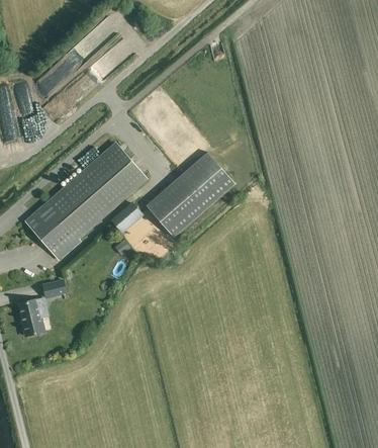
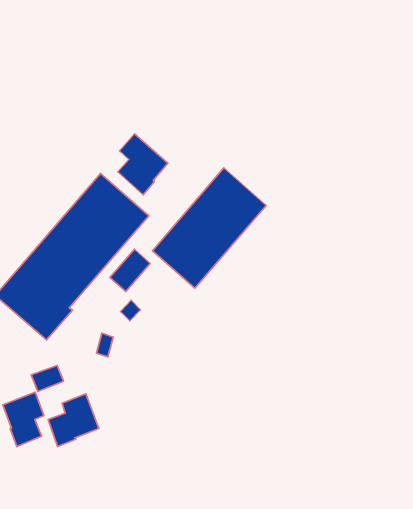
building: none -> [118,134,168,195]
building: none -> [48,394,99,446]

